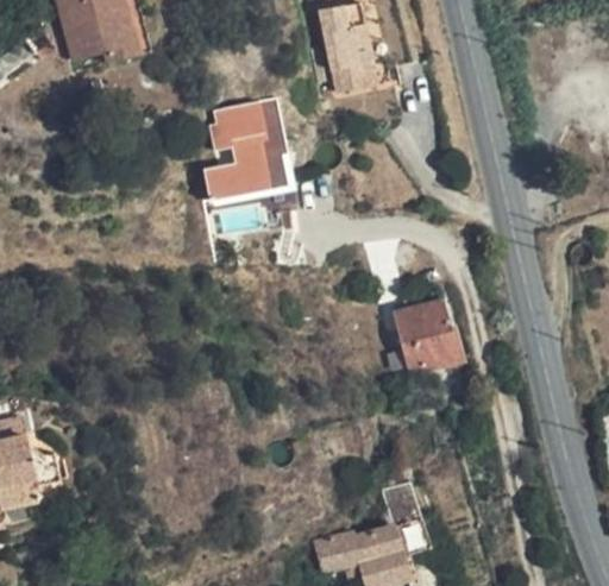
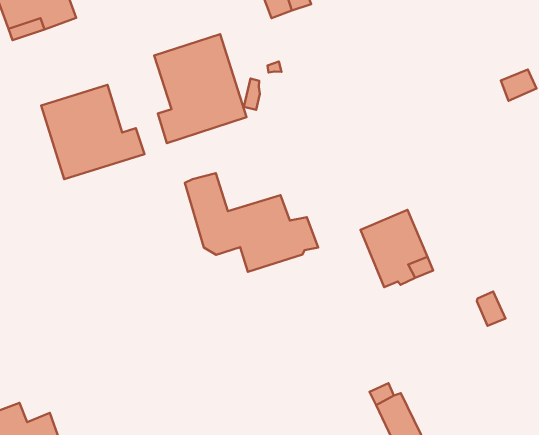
building: none -> [41,85,145,179]
building: none -> [185,173,318,272]

